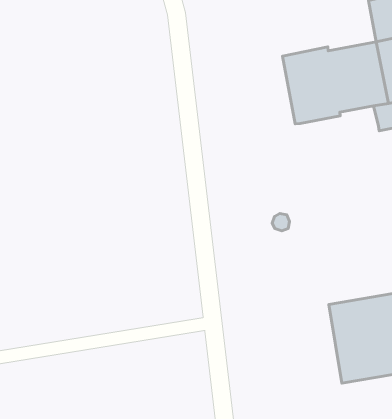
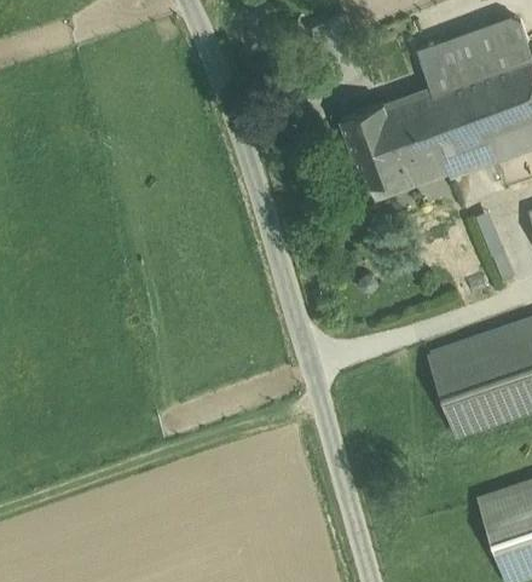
building: none -> [370,154,449,201]

